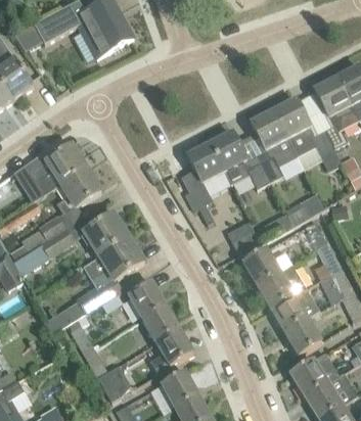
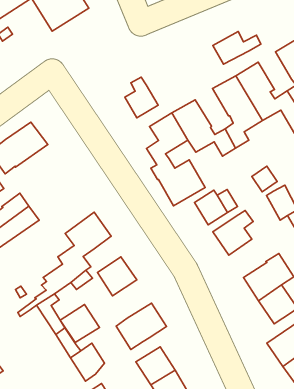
building: none -> [213,32,261,64]
building: none -> [125,77,158,118]
building: [53,168,100,213] -> none
building: [83,213,128,255] -> none
building: [257,264,306,308] -> none
building: [141,305,179,341] -> [60,304,99,343]

